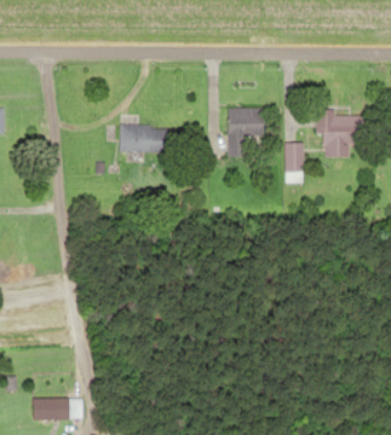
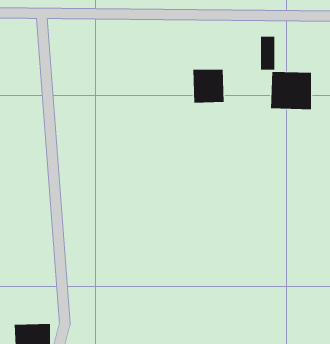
building: [116,121,168,153] -> none
building: [284,144,301,182] -> [260,36,275,70]

